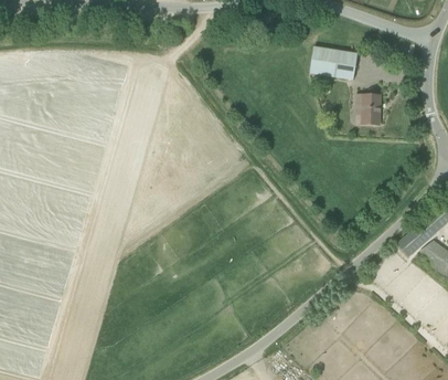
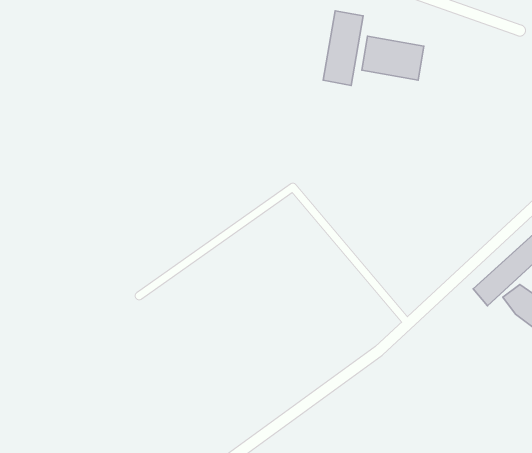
building: none -> [323,11,363,86]
building: [356,94,381,124] -> none

